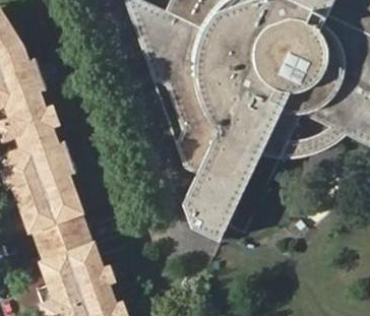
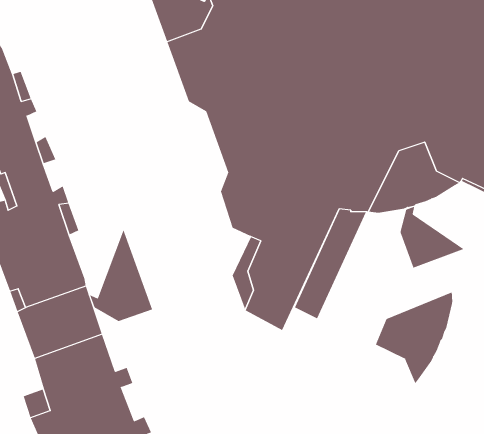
building: none -> [400,206,465,269]
building: none -> [89,229,153,322]
building: none -> [375,292,453,384]

